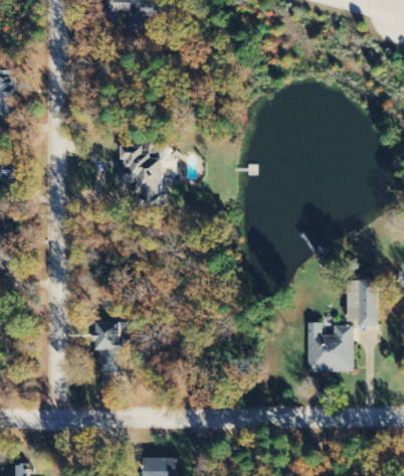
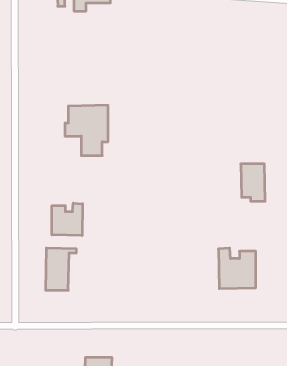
building: none -> [52,203,83,236]
building: [347,279,377,325] -> [241,164,265,201]

